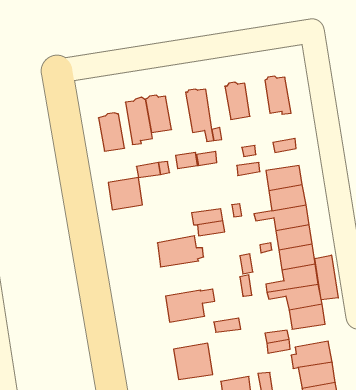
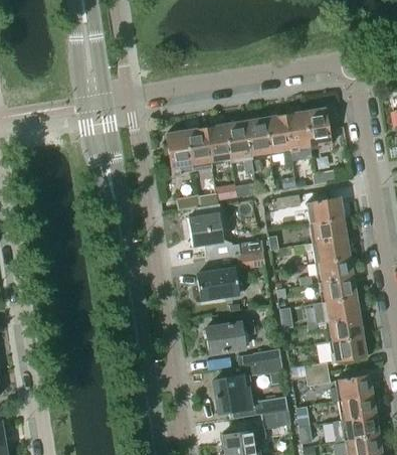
building: none -> [284,110,310,148]
building: none -> [245,117,270,154]
building: [98,113,125,151] -> [205,123,231,161]
building: [108,178,142,210] -> [188,213,222,246]
building: [315,255,338,300] -> none

